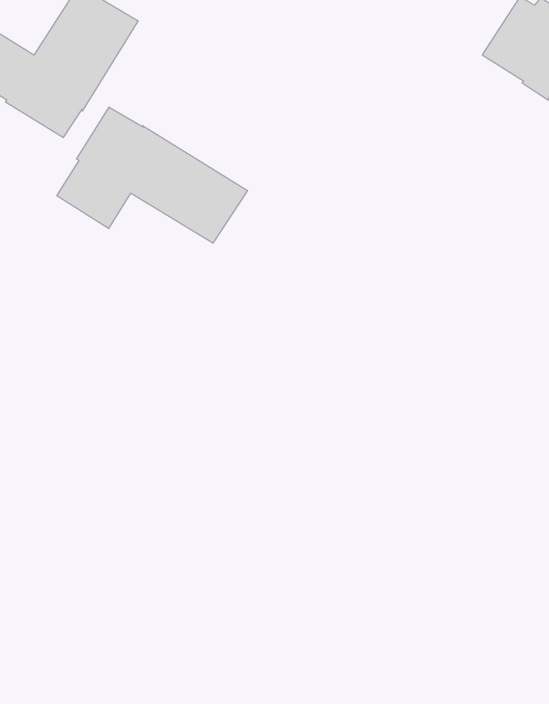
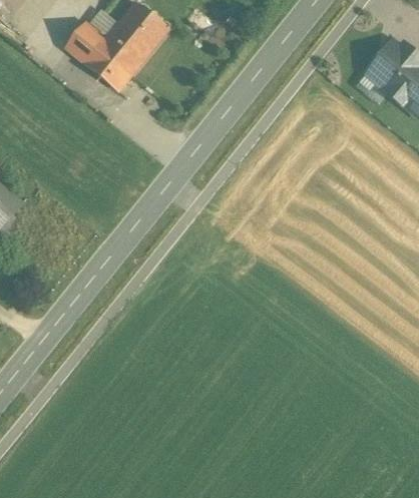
building: [57,107,247,243] -> none

